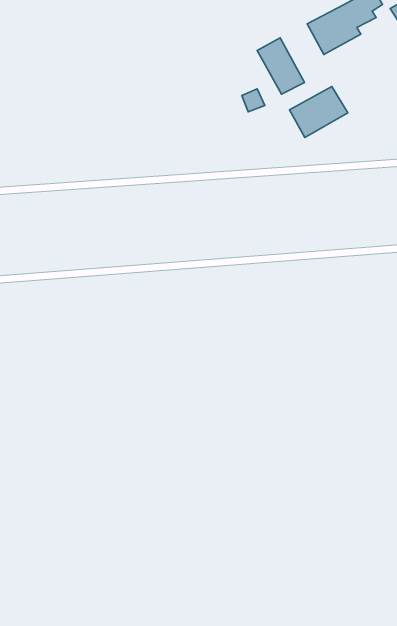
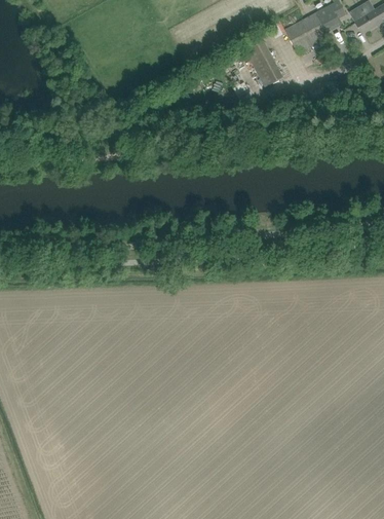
building: [290,87,348,137] -> none

